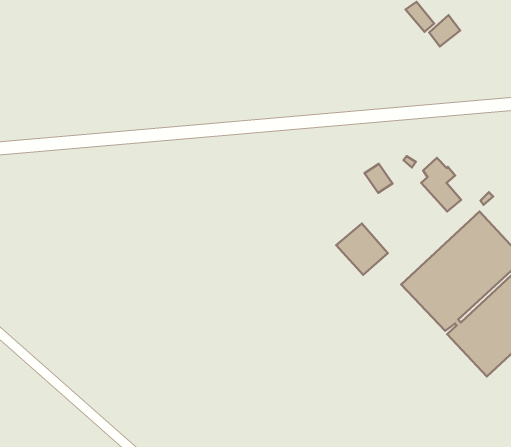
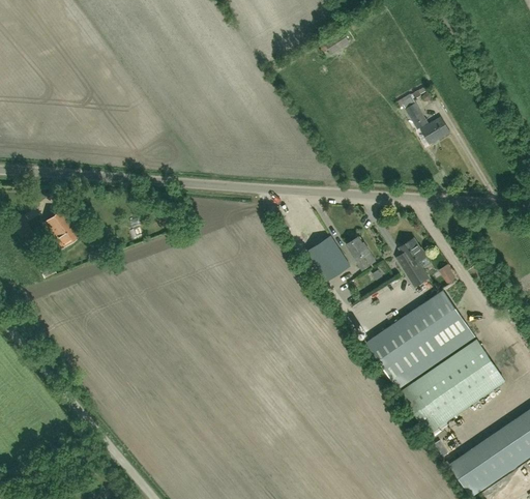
building: none -> [43,208,83,247]
building: [336,223,388,275] -> [306,236,350,281]

